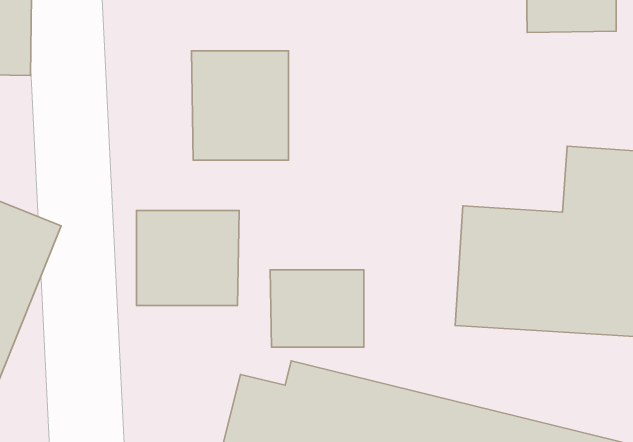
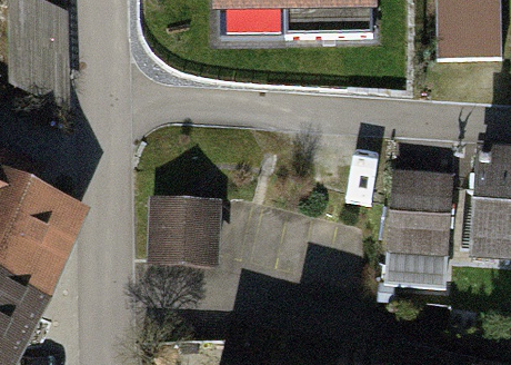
building: [192,51,288,160] -> none
building: [270,270,364,347] -> none

